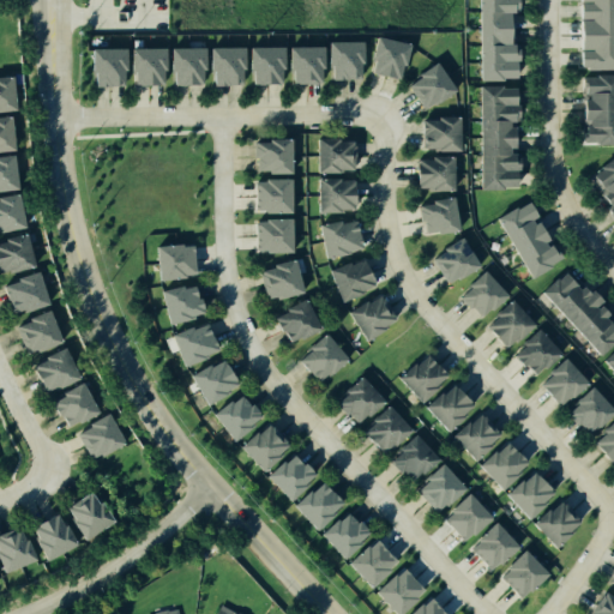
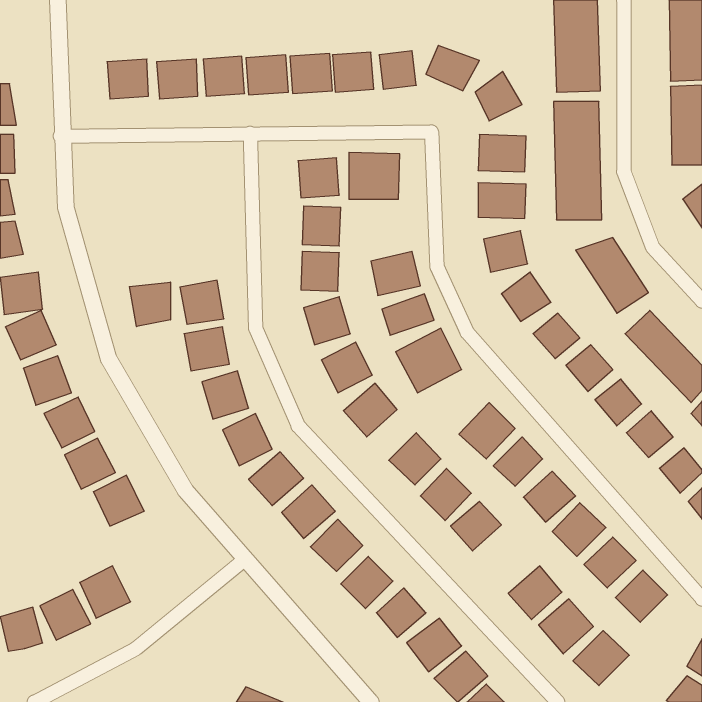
building: [320,181,359,212] -> none
building: none -> [129,282,170,327]
building: [417,465,464,512] -> none

